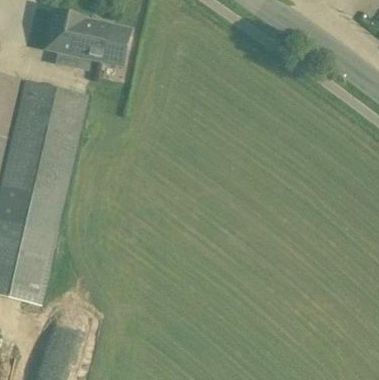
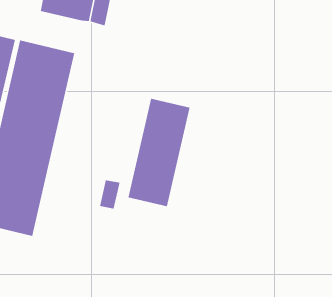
building: none -> [127,98,191,207]
building: none -> [99,180,121,210]

